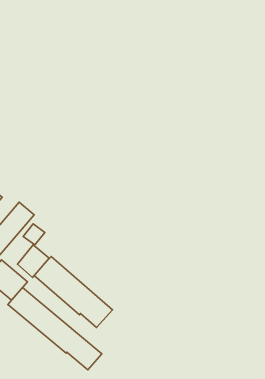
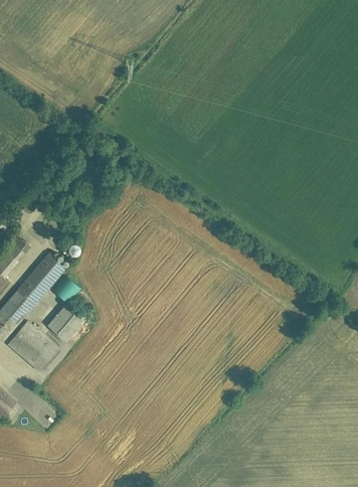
building: [34,256,112,328] -> none
building: [8,287,102,370] -> none

